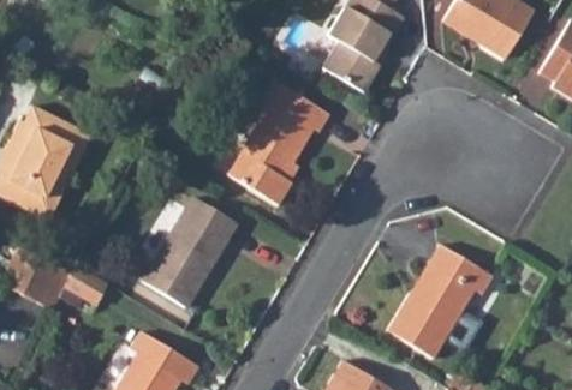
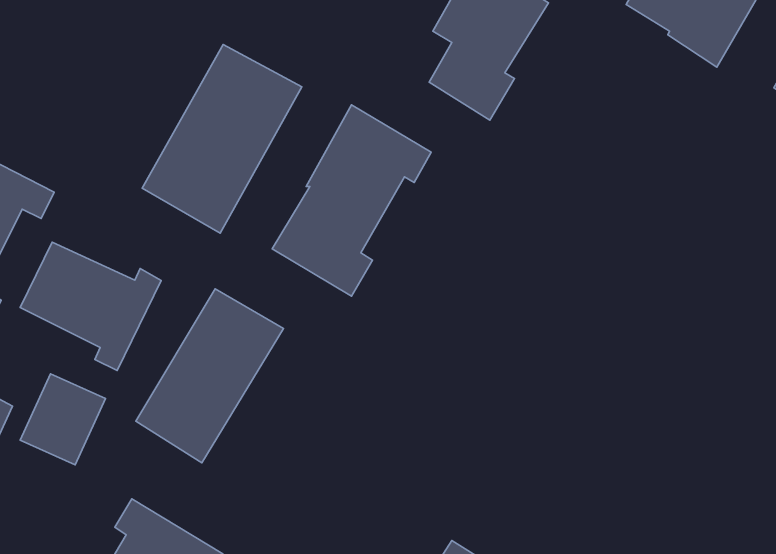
building: none -> [142,44,302,233]
building: none -> [20,242,161,370]
building: [387,239,491,353] -> none

